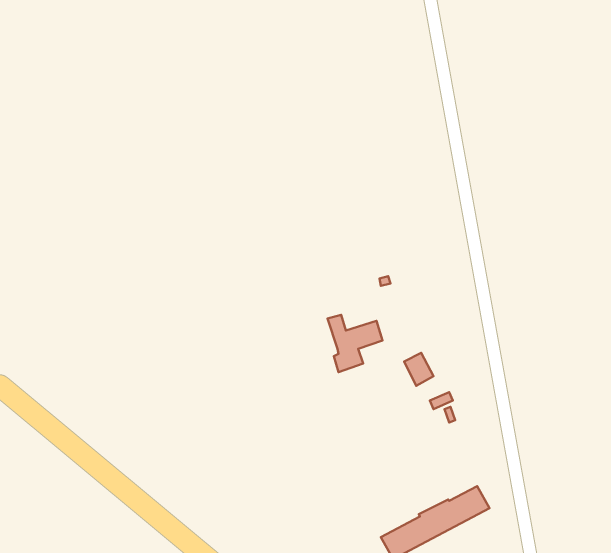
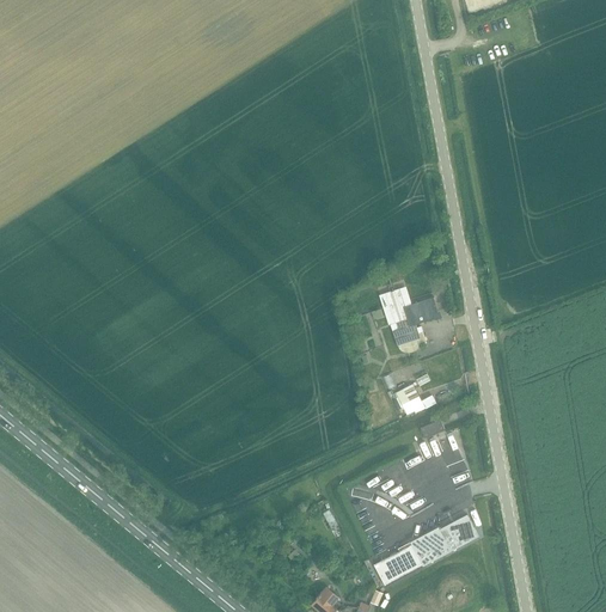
building: [328,315,383,372] -> [385,289,439,345]

